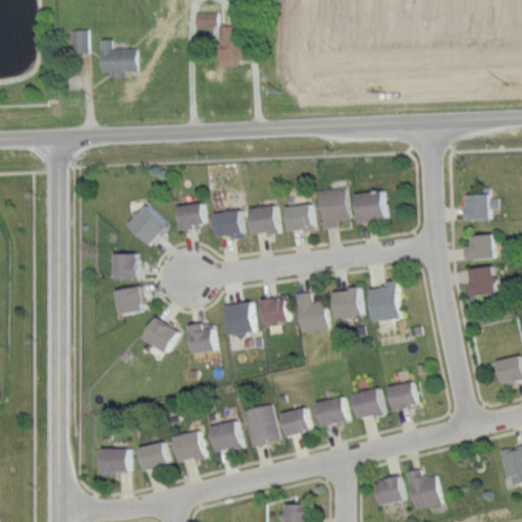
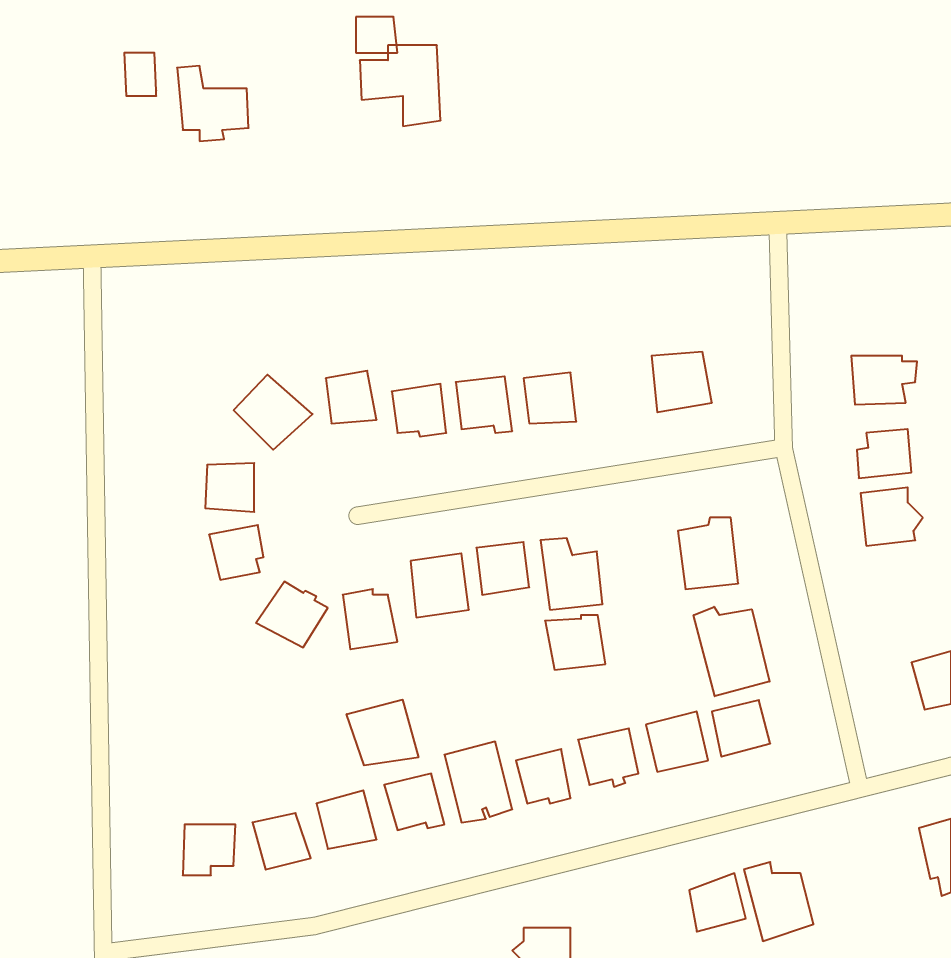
building: [316,187,348,230] -> none
building: [328,289,361,318] -> [545,615,605,670]
building: none -> [694,607,770,696]
building: none -> [347,700,418,765]

